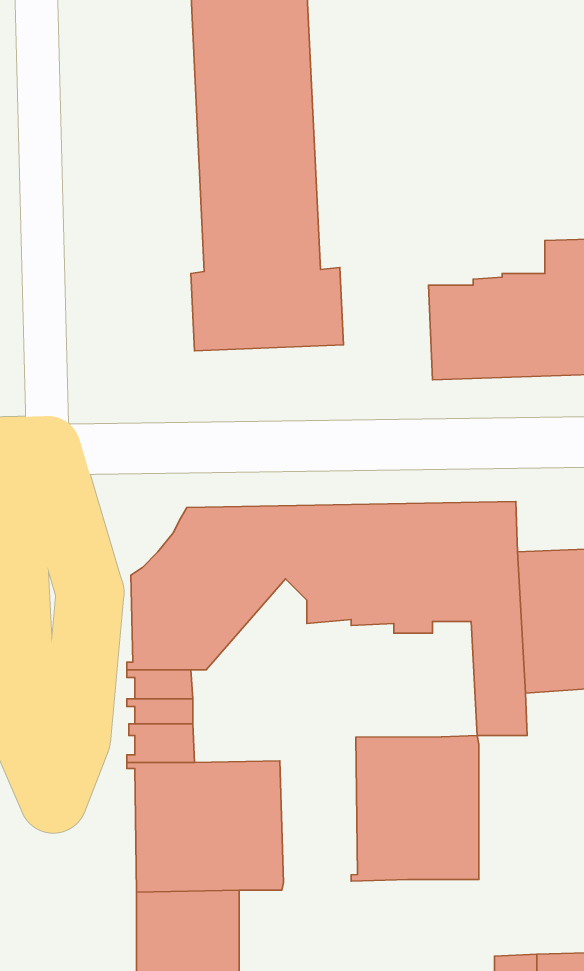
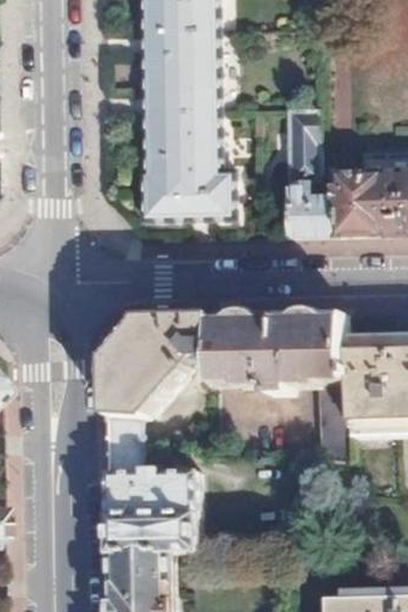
building: none -> [291,108,322,178]
building: [351,736,479,881] -> none

